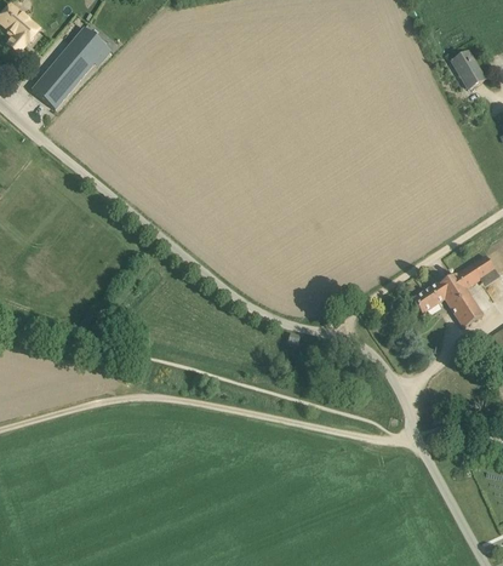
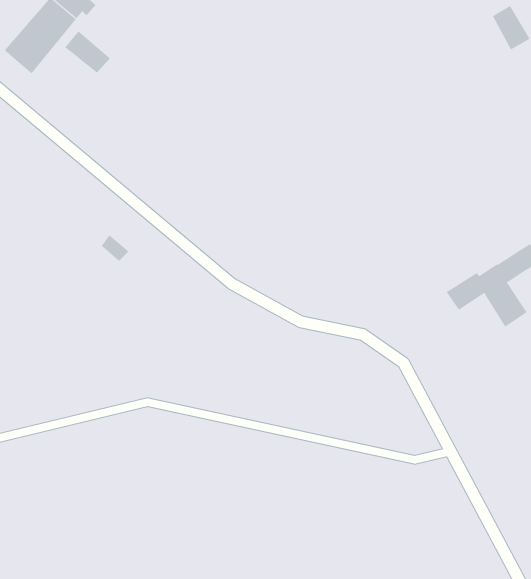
building: none -> [64,31,111,74]

